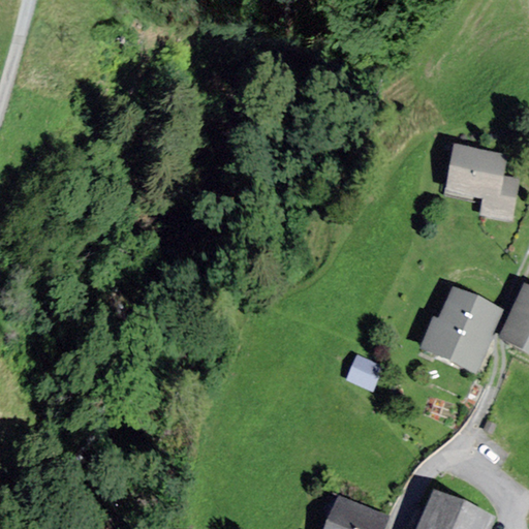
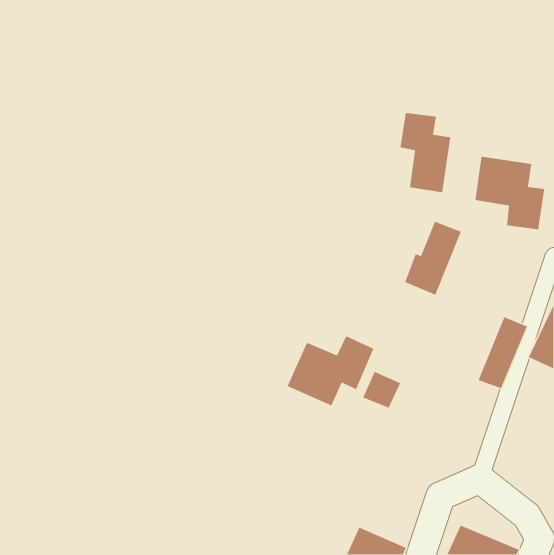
building: none -> [400,112,451,193]
building: [423,289,477,361] -> [404,220,462,296]
building: none -> [287,335,374,406]

